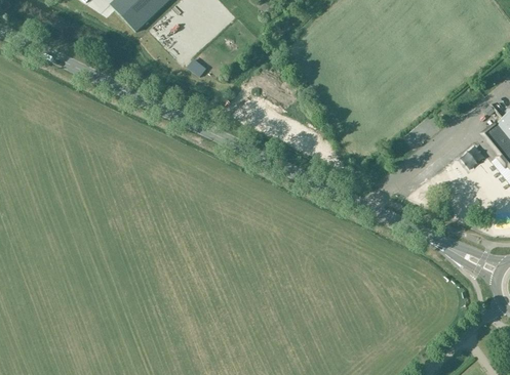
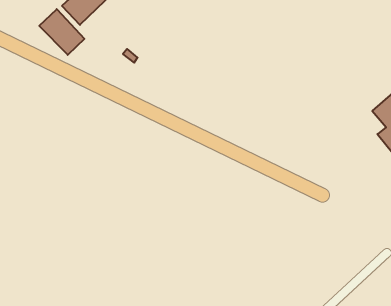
building: none -> [39,9,84,55]

